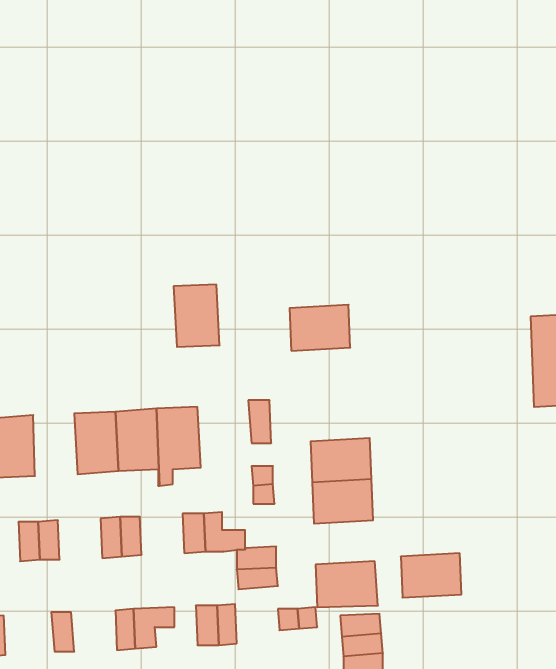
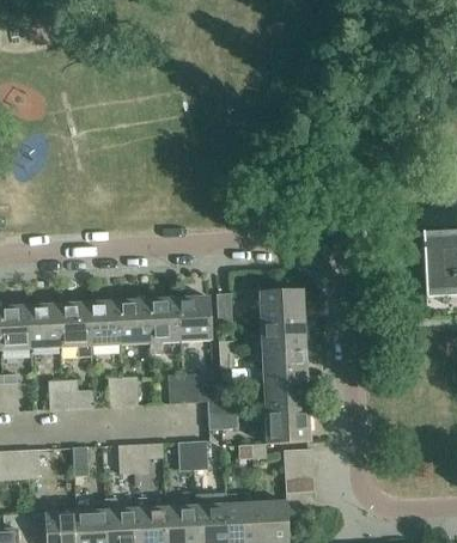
building: [174,285,220,347] -> [178,295,212,341]
building: [290,305,350,351] -> [260,288,304,322]
building: none -> [59,301,91,356]
building: [401,553,461,598] -> [263,379,307,411]

